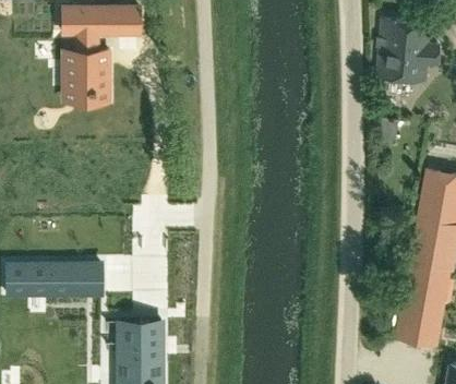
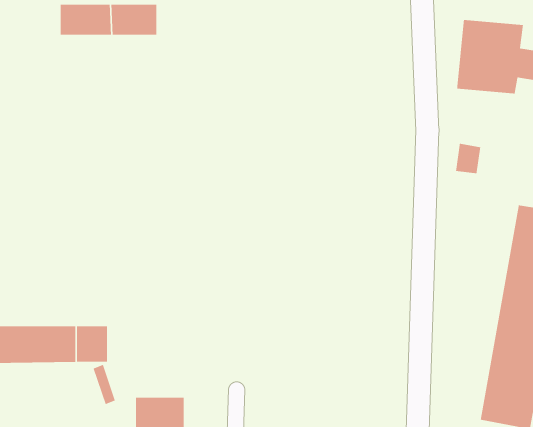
building: [75,35,108,104] -> none

